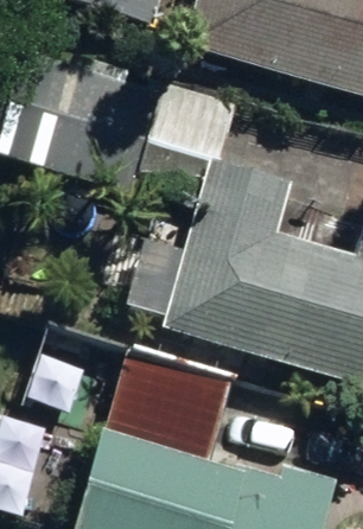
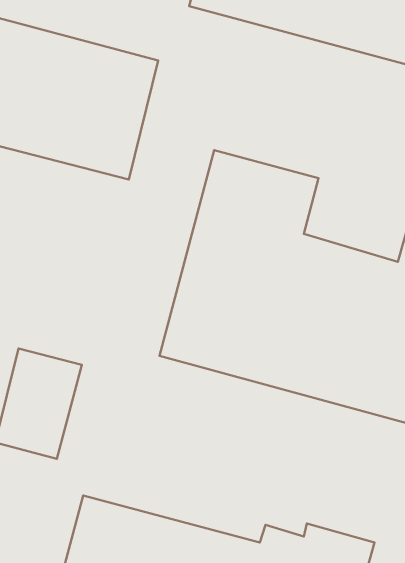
building: [104,349,233,465] -> none

